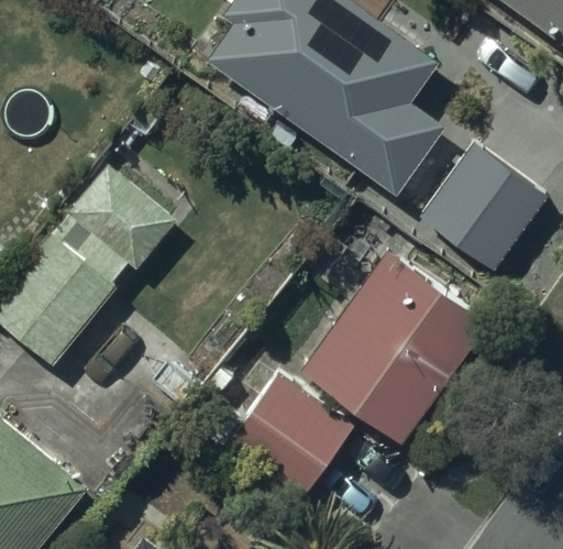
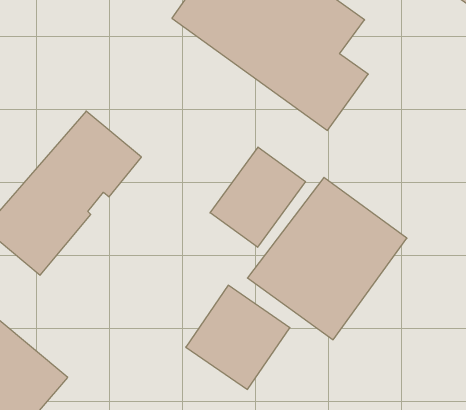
building: [418,145,548,274] -> none
building: none -> [210,147,305,247]

